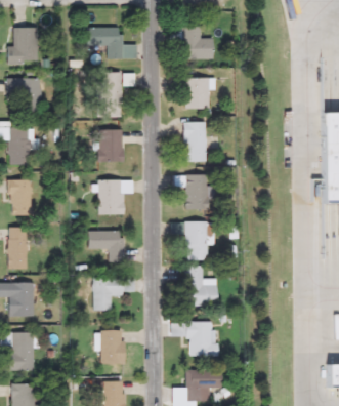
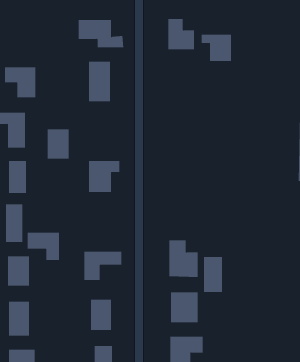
building: [6,27,38,64] -> none
building: [175,78,209,108] -> [201,34,232,62]
building: [183,122,207,161] -> none
building: [97,129,122,162] -> [47,129,69,159]
building: [186,174,212,209] -> none
building: [185,220,207,259] -> [203,257,223,293]
building: [88,231,124,261] -> [27,232,60,261]

